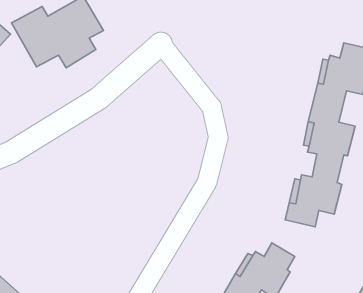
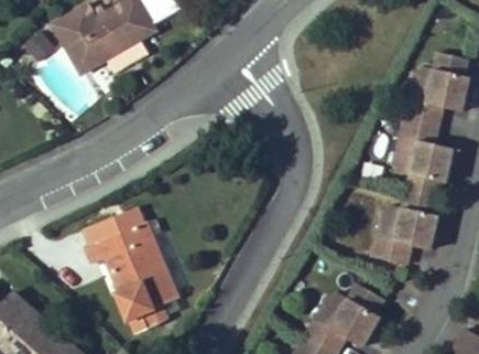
building: none -> [85,219,178,330]

